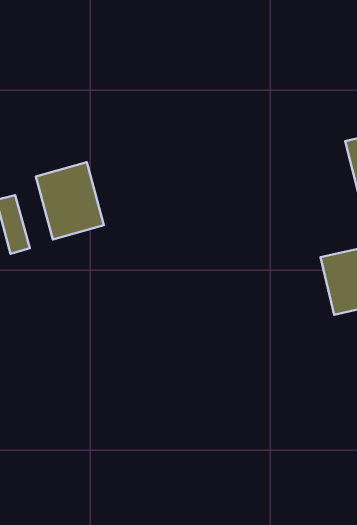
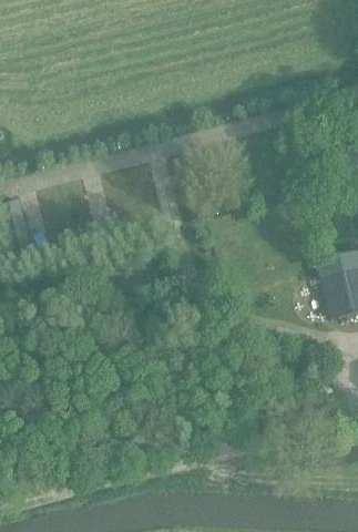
building: [36,162,104,239] -> none

